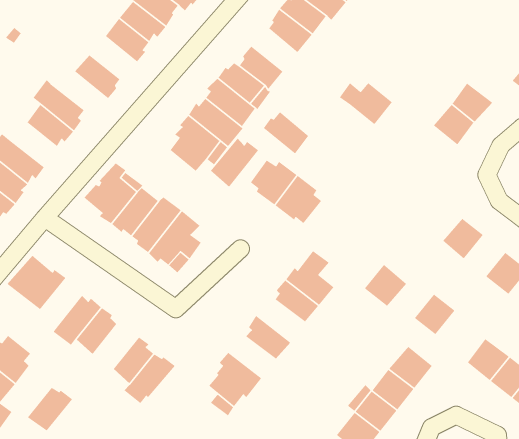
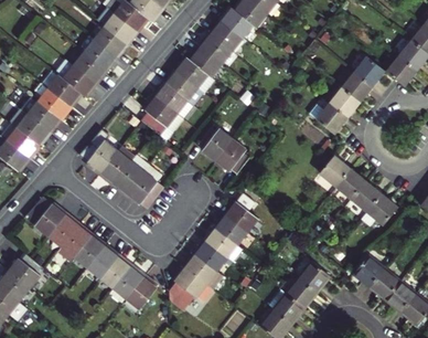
building: none -> [83,40,117,71]
building: none -> [353,56,384,87]
building: none -> [55,61,96,96]
building: [339,82,393,125] -> [308,104,346,135]
building: [263,111,309,154] -> [199,34,232,65]
building: none -> [26,102,60,134]
building: [210,137,259,188] -> none
building: [364,264,407,307] -> [319,156,350,187]
building: none -> [47,213,77,247]
building: [414,294,455,335] -> [351,182,381,212]
building: none -> [202,229,242,263]
building: none -> [182,255,223,289]
building: none -> [125,276,157,311]
building: [27,387,73,431] -> [85,246,118,278]

